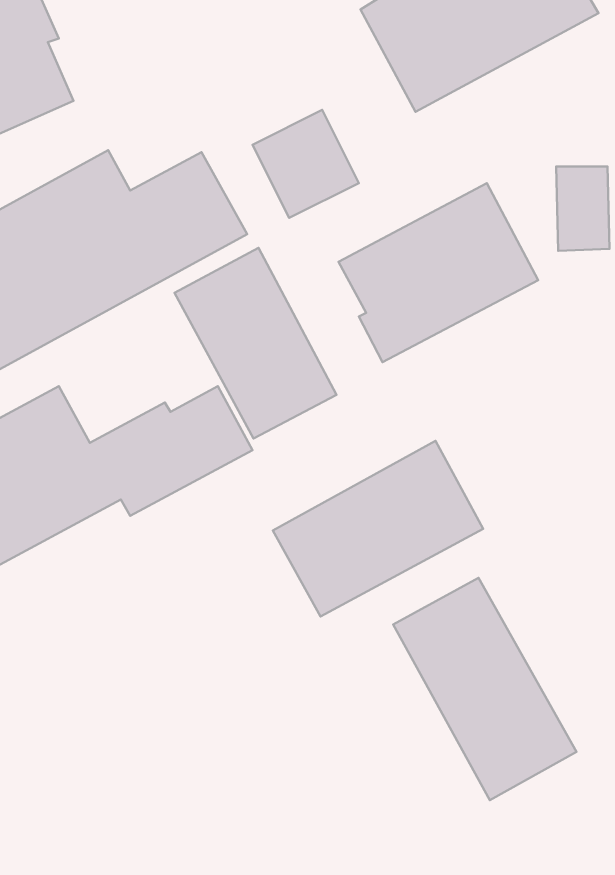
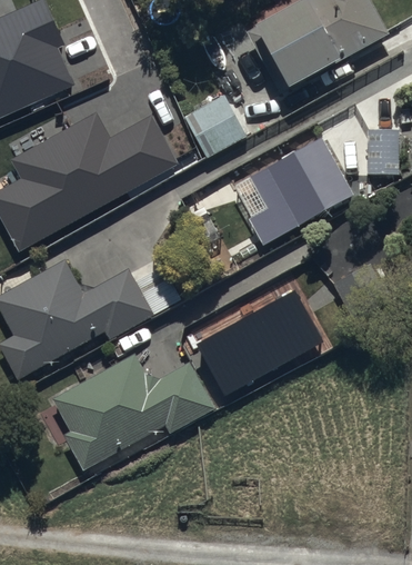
building: [175,248,336,438] -> none
building: none -> [53,355,214,468]
building: [393,578,576,800] -> none

